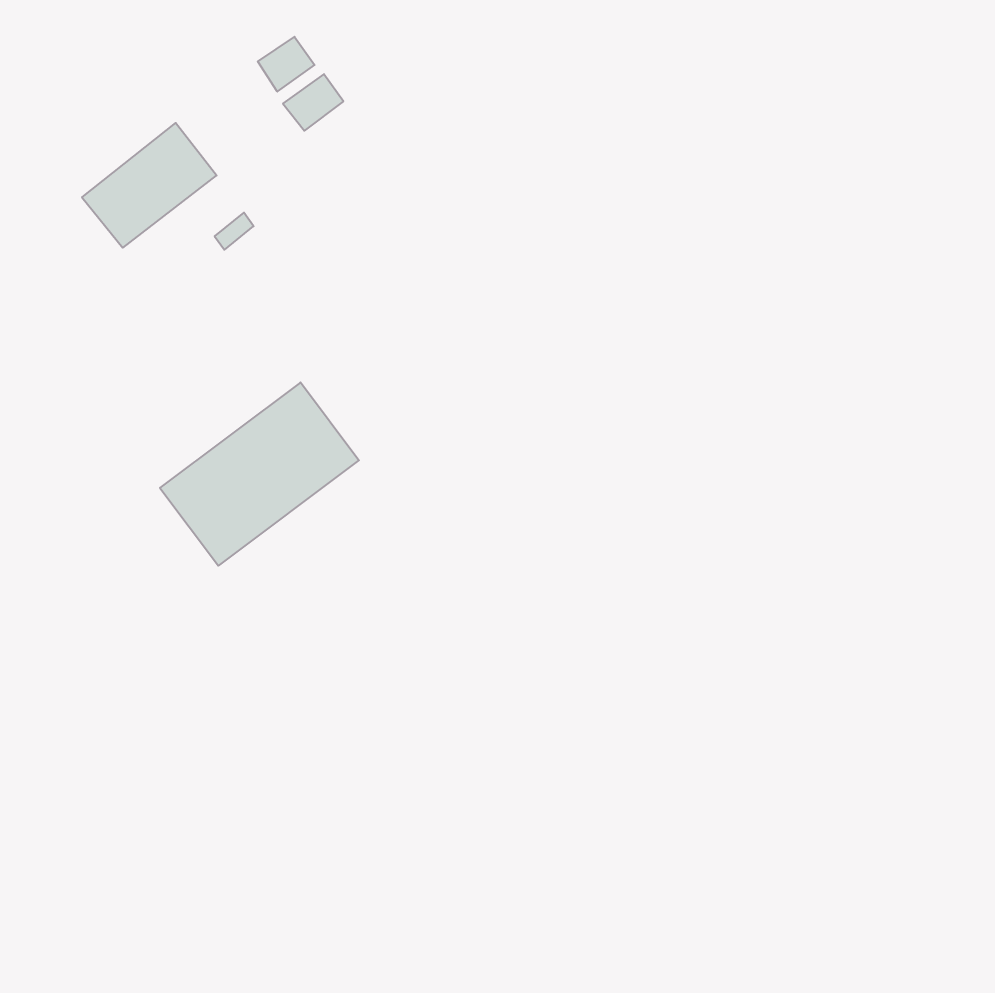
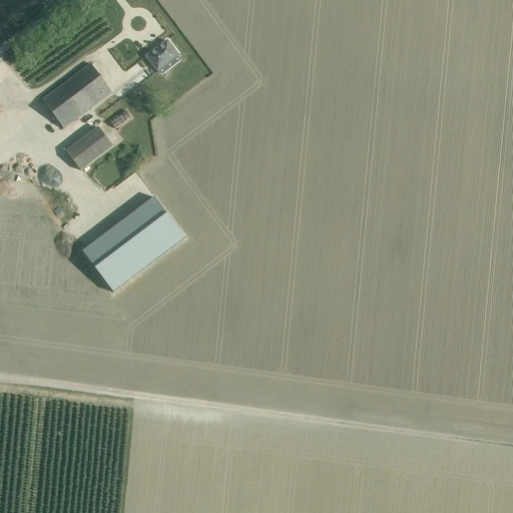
building: [258,37,315,92] -> none
building: none -> [65,126,112,169]

